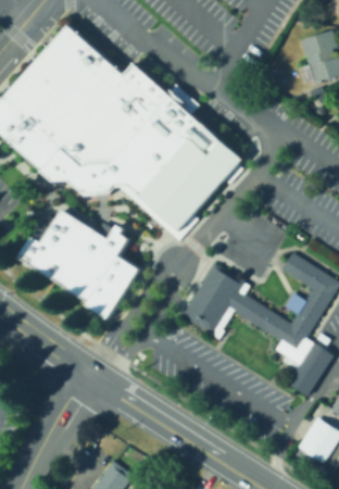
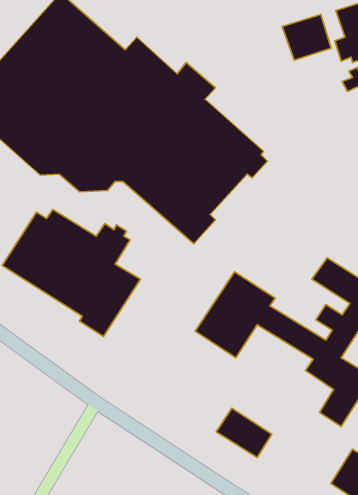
building: none -> [282,14,331,60]
building: none -> [216,408,272,458]

